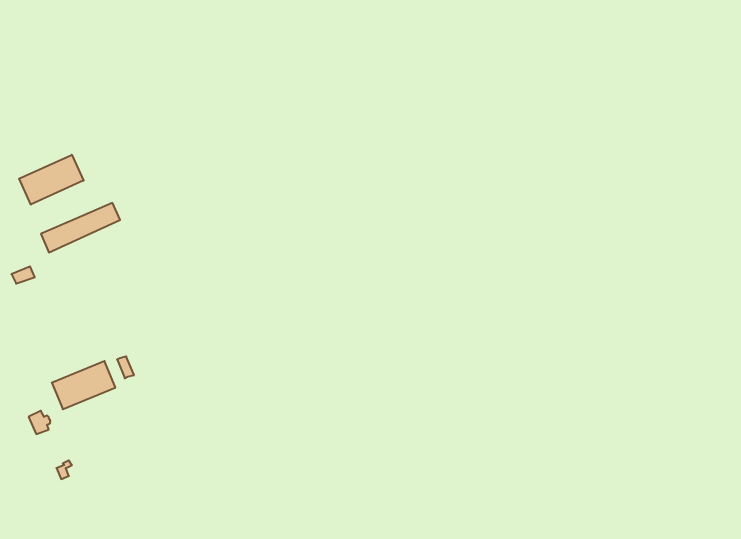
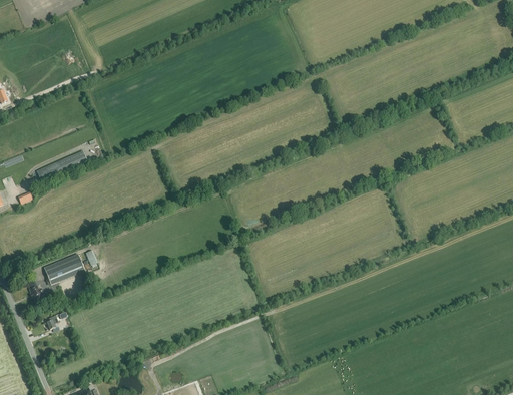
building: [19,155,84,205] -> none

